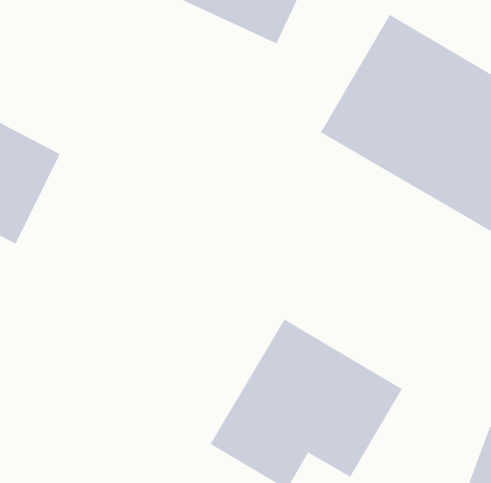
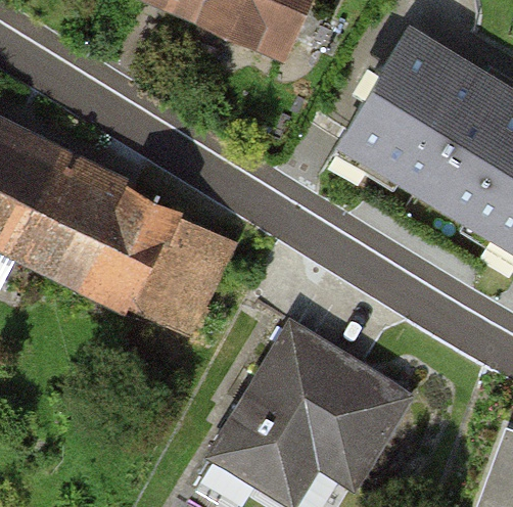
building: none -> [30,165,232,337]

